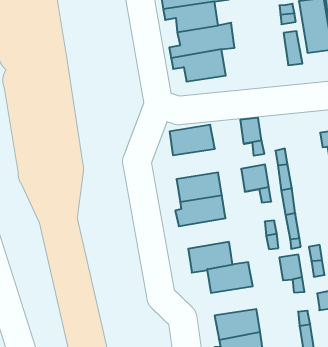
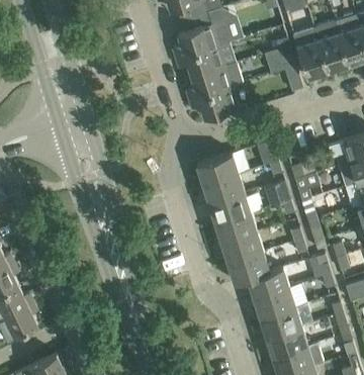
building: none -> [203,173,245,204]
building: none -> [217,231,263,263]
building: none -> [254,287,295,317]

